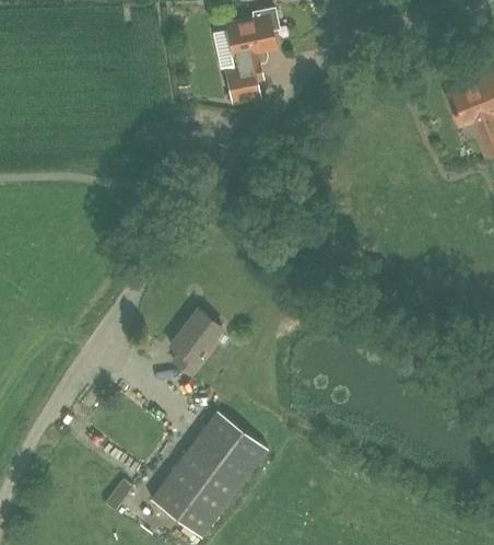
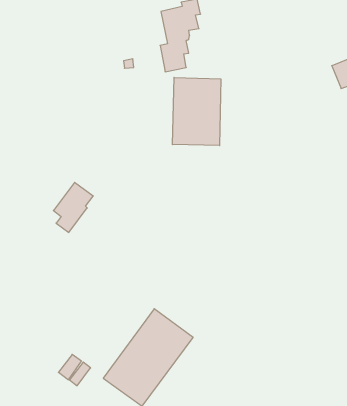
building: none -> [172,77,221,146]
building: [172,311,223,375] -> [53,182,93,232]

